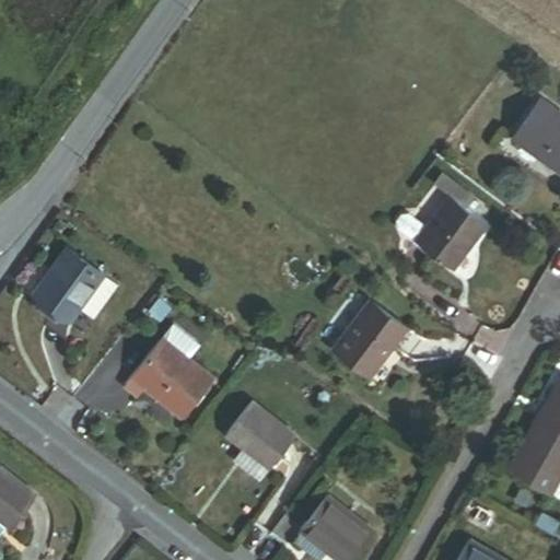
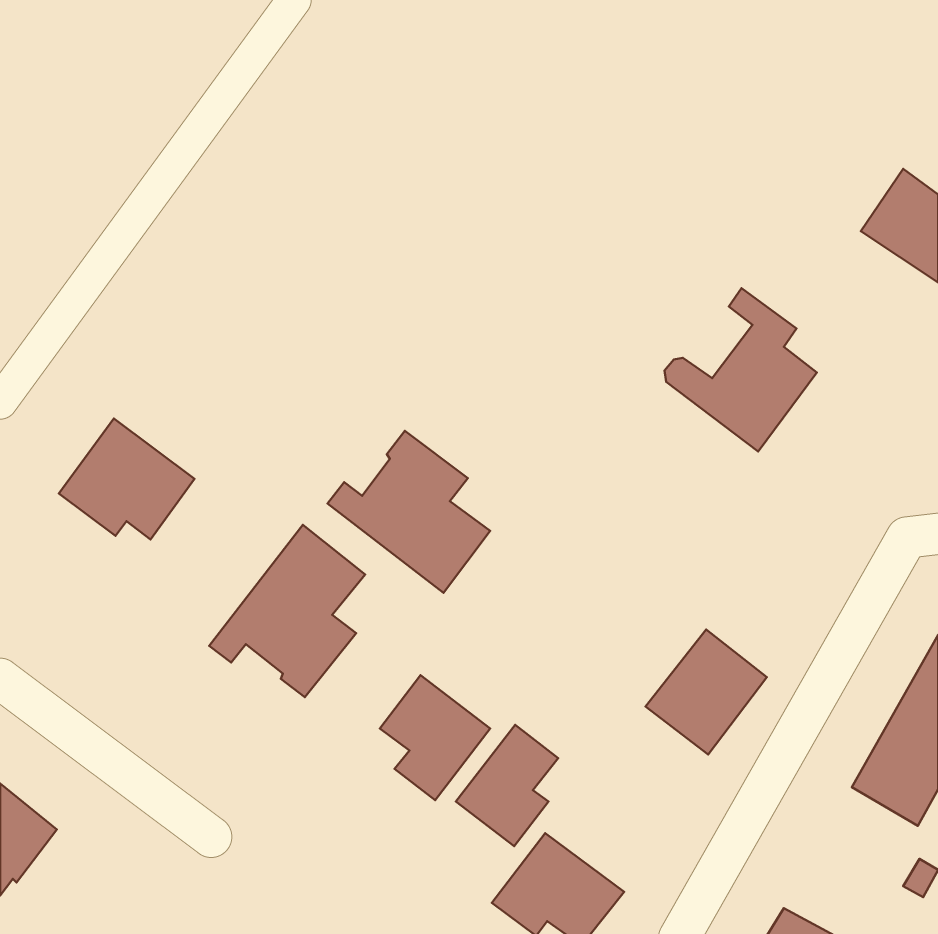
building: none -> [327,431,490,593]
building: [332,303,405,377] -> [646,630,767,754]
building: none -> [456,725,558,846]

